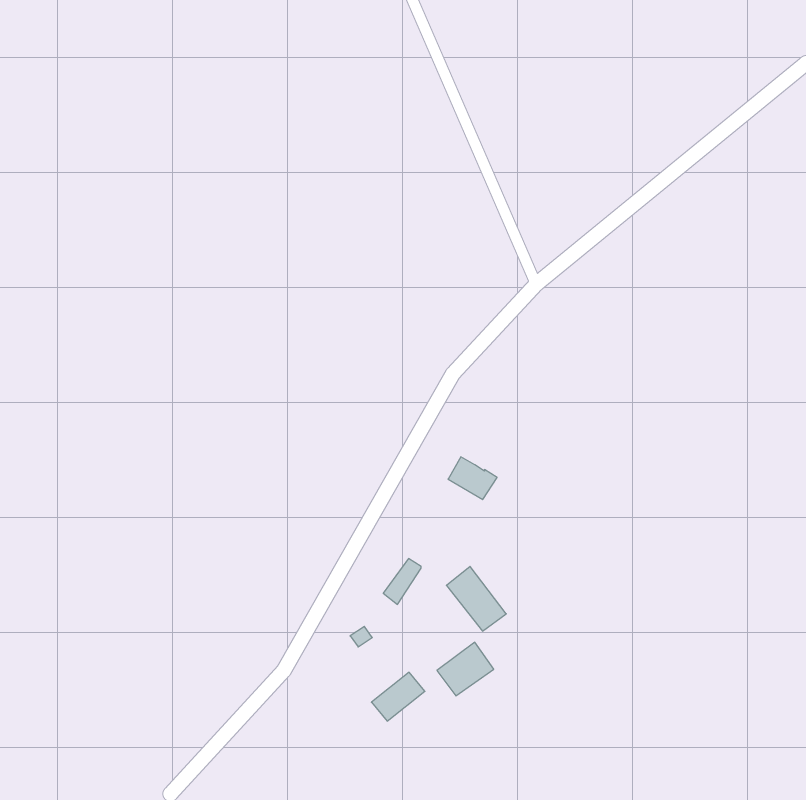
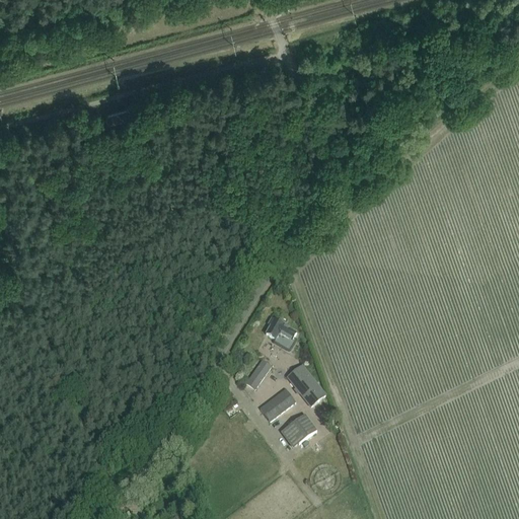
building: [448,457,497,500] -> [266,318,297,346]
building: [371,672,425,721] -> [261,388,295,420]

